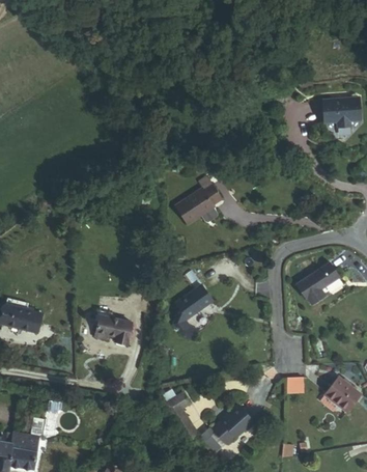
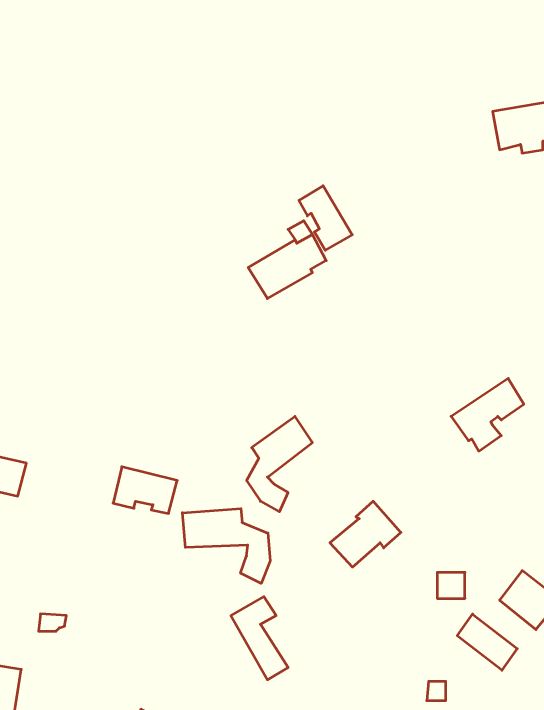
building: none -> [299,186,352,250]
building: none -> [182,509,270,583]
building: none -> [457,614,517,670]
building: [213,405,255,444] -> [330,501,401,567]

